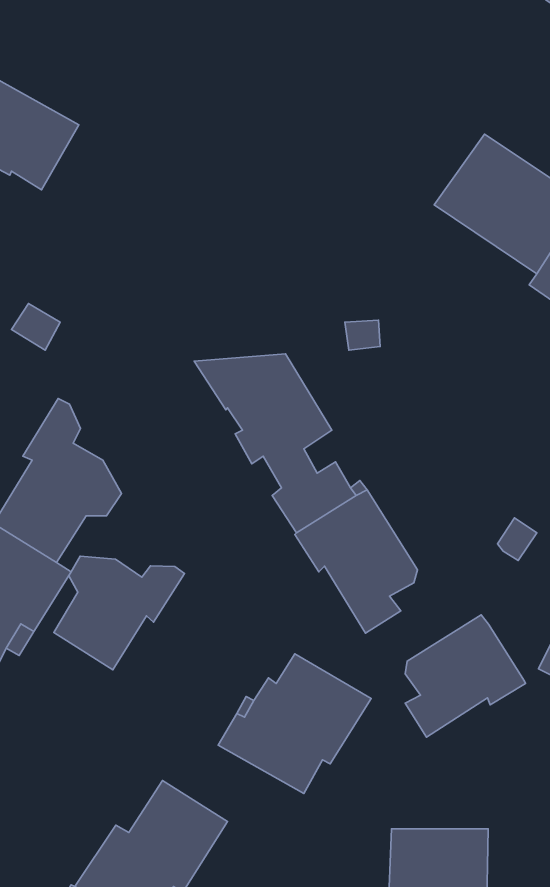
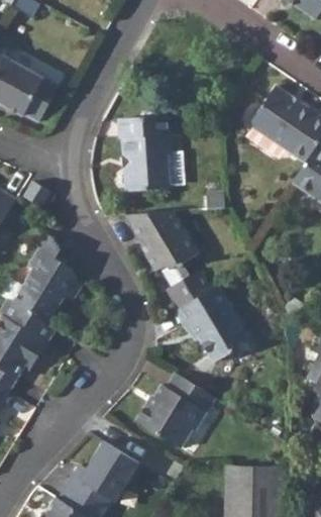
building: none -> [119,113,170,191]
building: [54,556,184,670] -> none
building: [405,615,525,737] -> none

